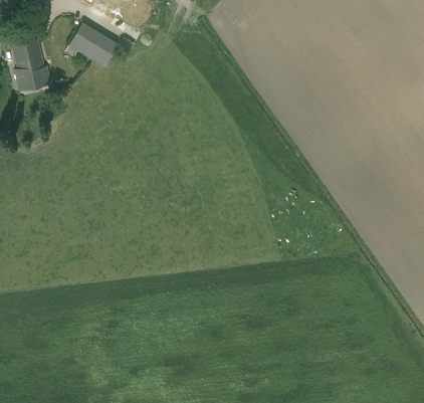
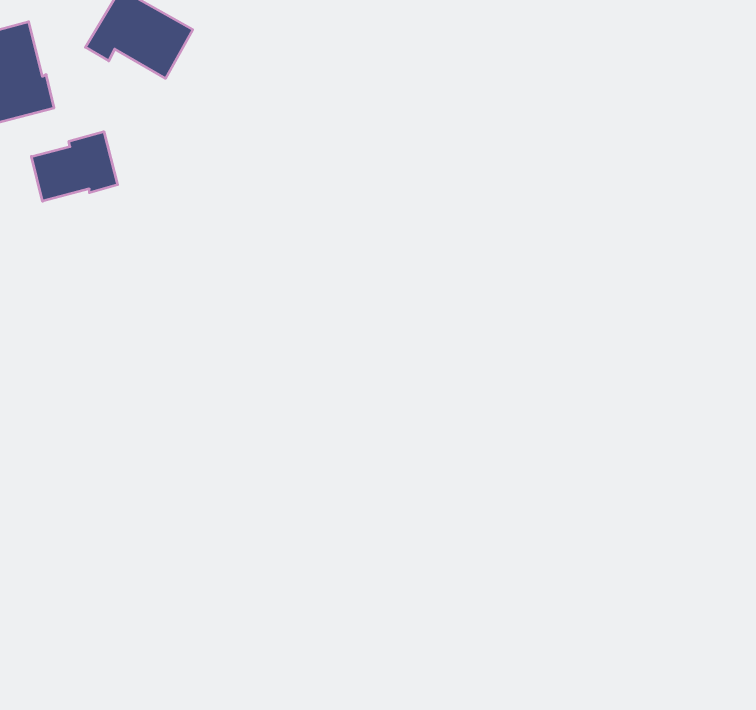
building: none -> [31,132,118,201]

